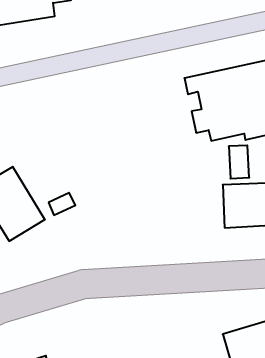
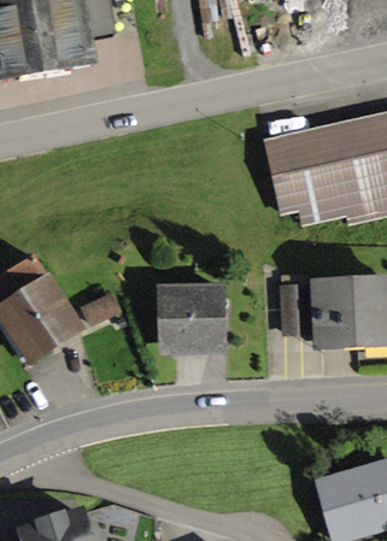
building: [229,145,249,179] -> [281,287,309,331]
building: none -> [159,286,222,349]

